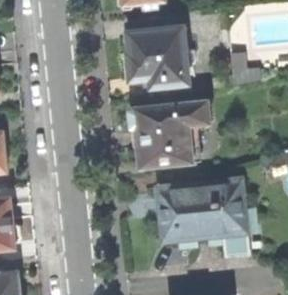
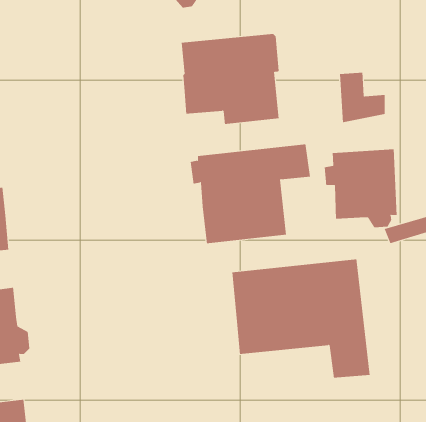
building: none -> [324,149,397,228]

